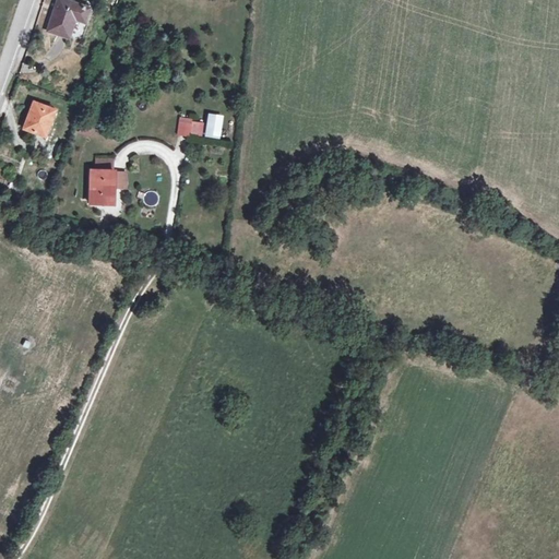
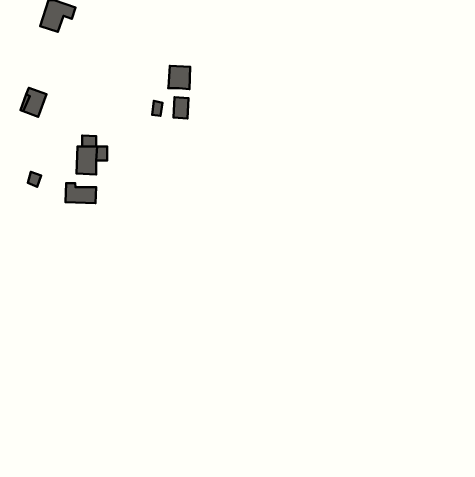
building: none -> [168,66,190,89]
building: none -> [65,183,96,203]

